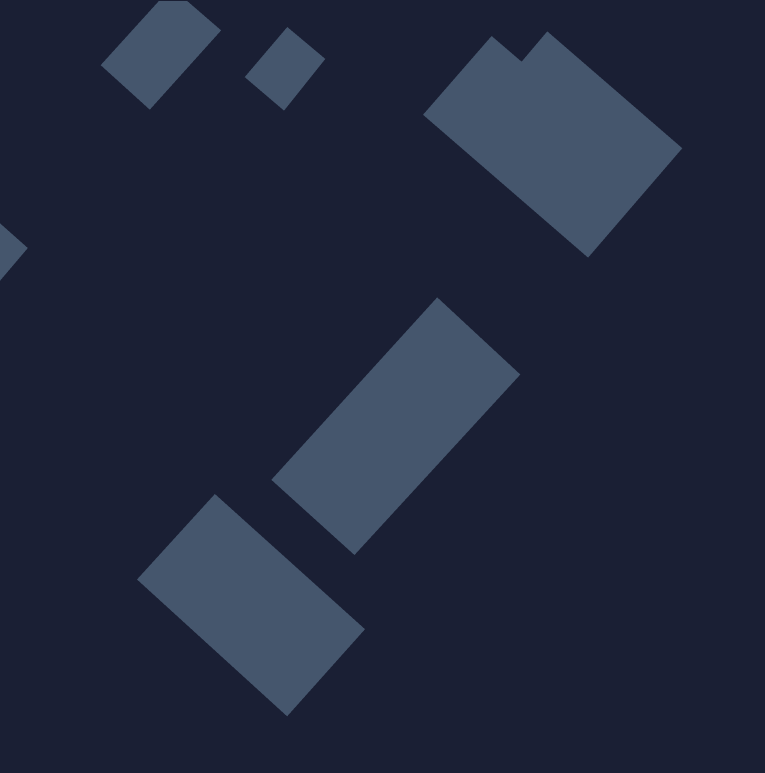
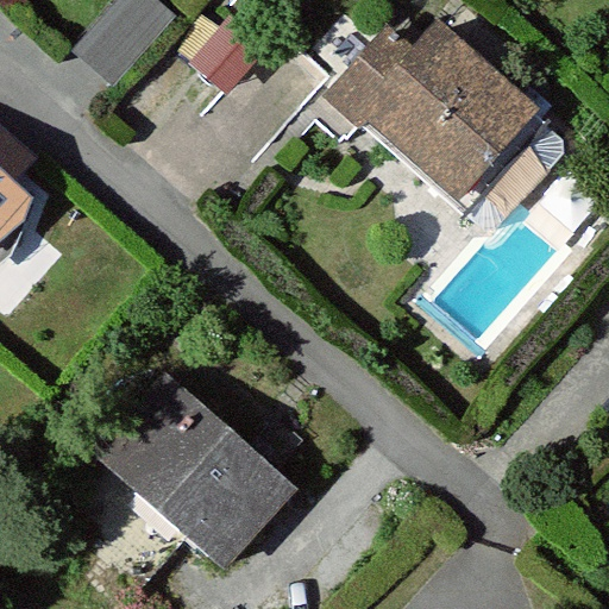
building: [271,296,521,556] -> none

